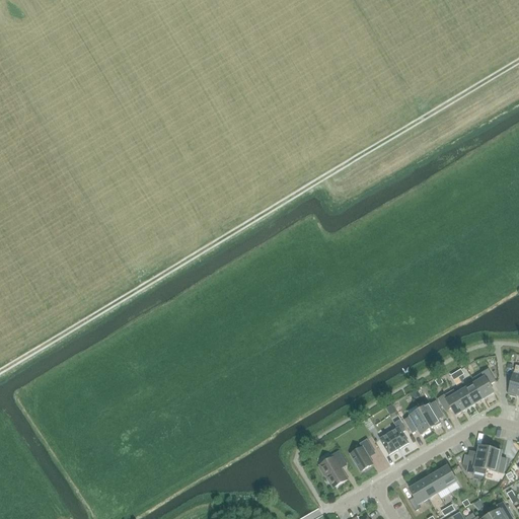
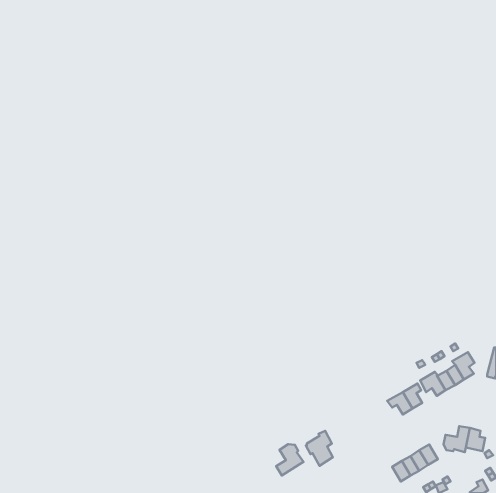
building: [380,419,410,453] -> none
building: [351,438,375,469] -> none
building: none -> [276,444,304,476]

